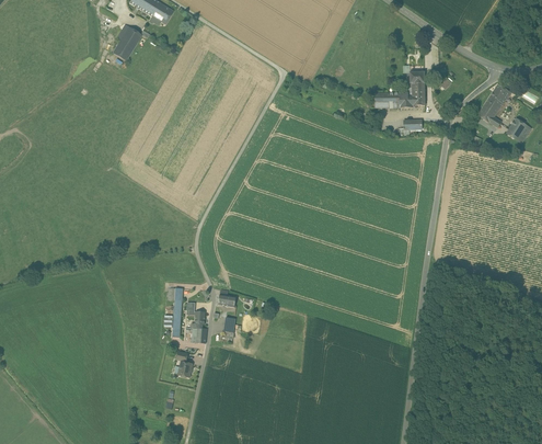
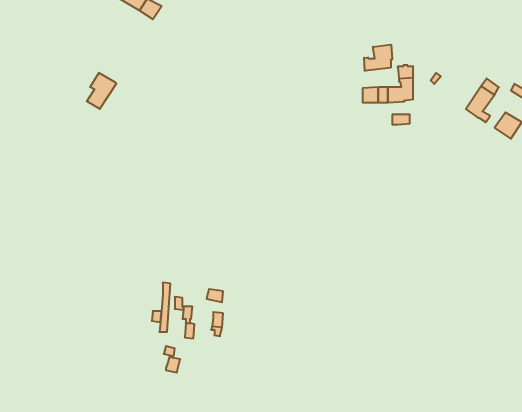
building: [112,24,141,60] -> [87,73,116,109]
building: none -> [364,45,392,71]

